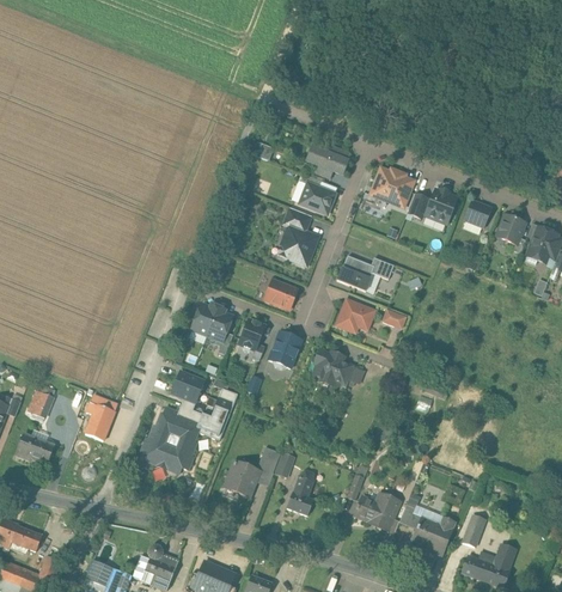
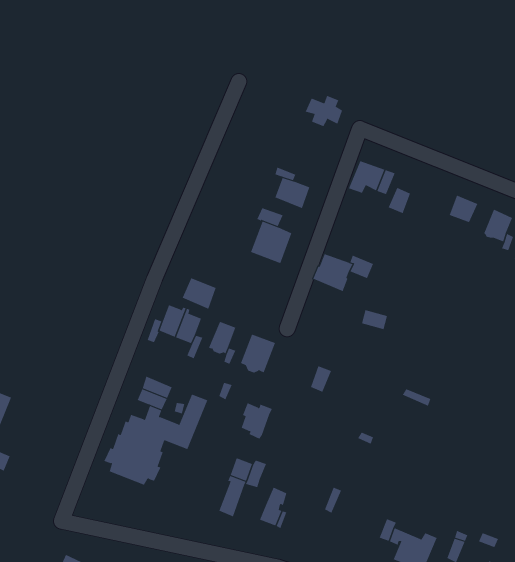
building: [312,146,348,176] -> [305,95,343,127]
building: [426,188,458,222] -> none
building: [265,279,298,309] -> [182,278,216,309]
building: [336,298,375,329] -> none
building: [314,349,344,384] -> [241,402,273,439]
building: [84,401,115,440] -> none
building: [224,459,259,496] -> none
building: [355,493,401,529] -> none

